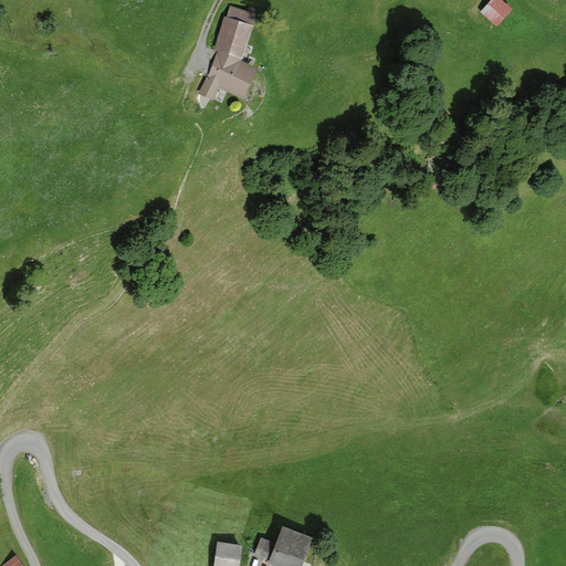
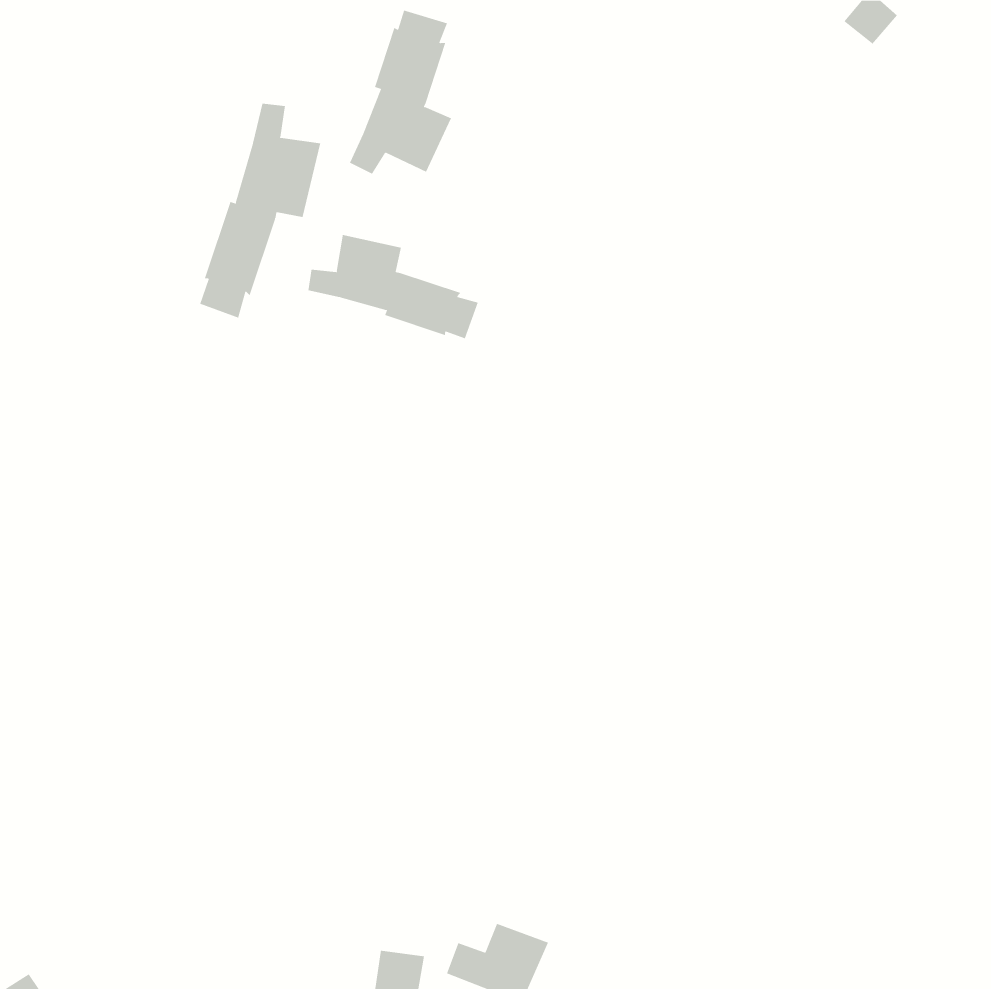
building: none -> [199,103,321,318]
building: none -> [308,234,478,339]

